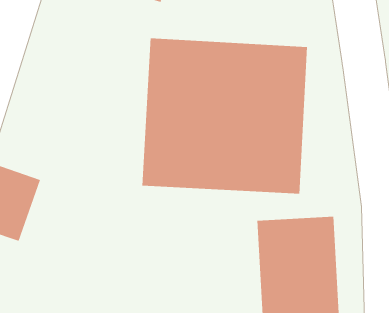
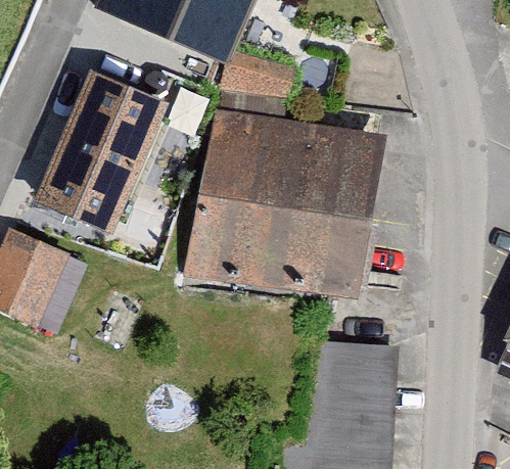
building: none -> [34,76,166,239]

